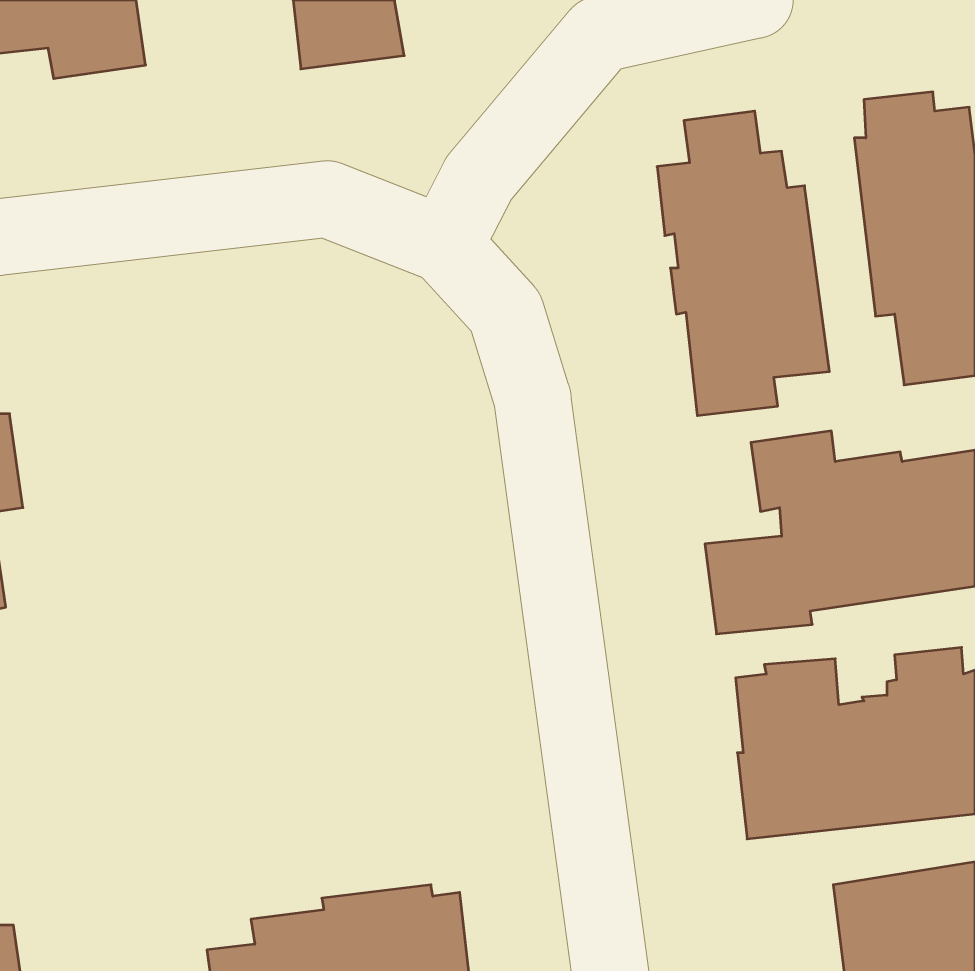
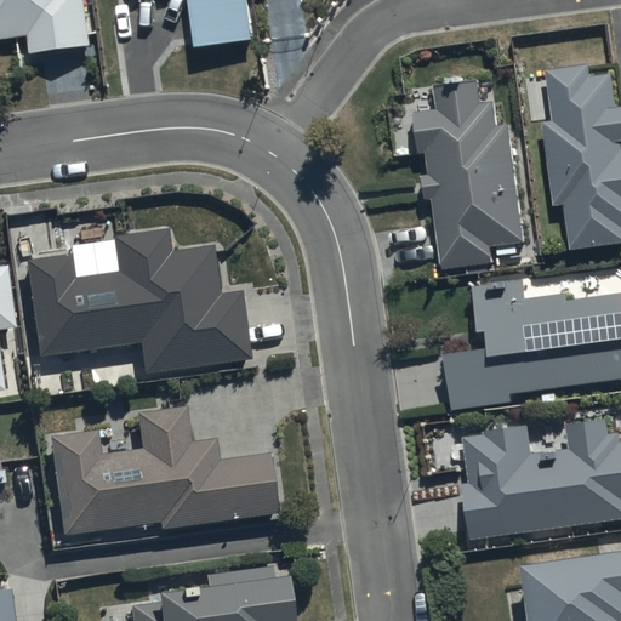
building: none -> [24,227,252,375]
building: none -> [47,408,277,534]

